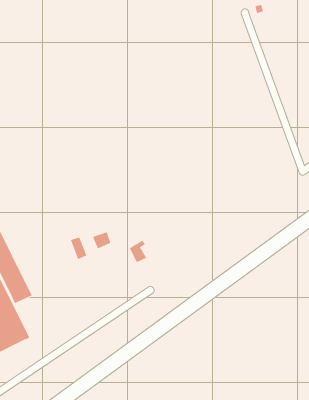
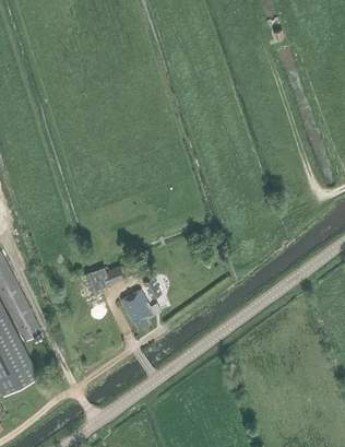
building: none -> [118,290,163,330]

